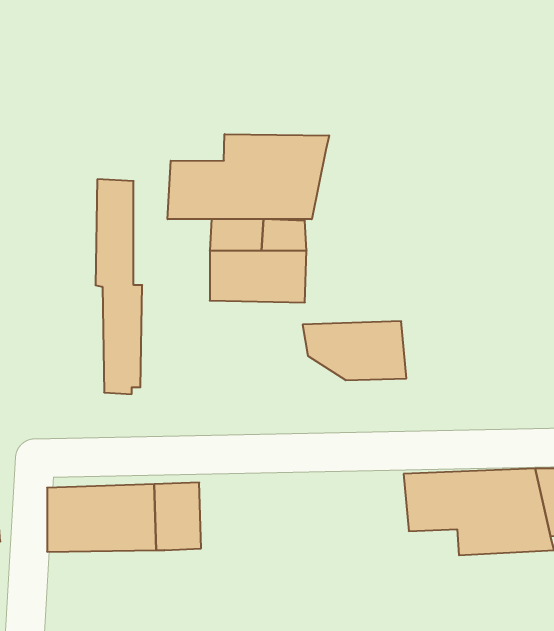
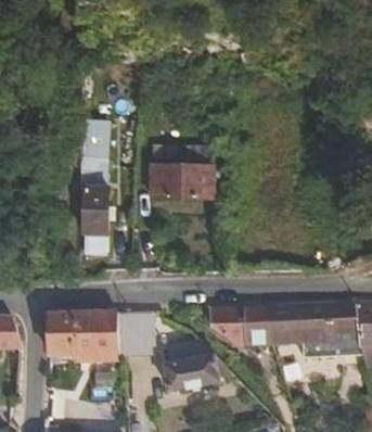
building: [168,134,329,219] -> none
building: [303,321,406,380] -> [211,306,277,343]
building: none -> [164,342,218,389]

